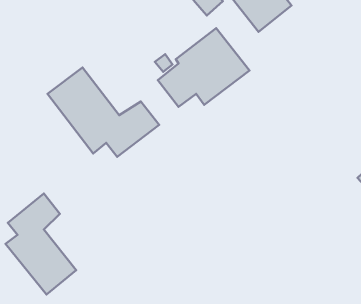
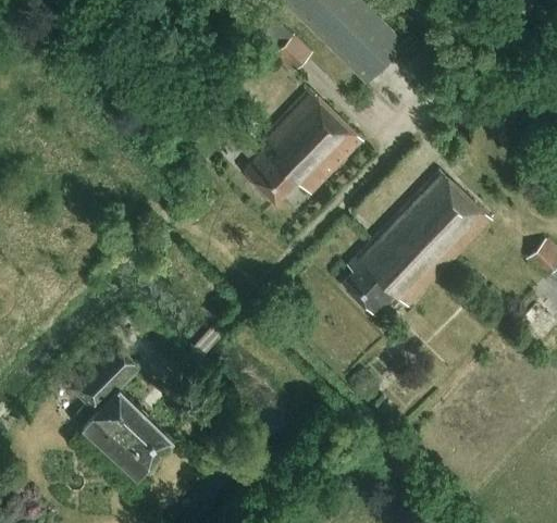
building: [48,68,159,157] -> none
building: none -> [341,171,491,316]

